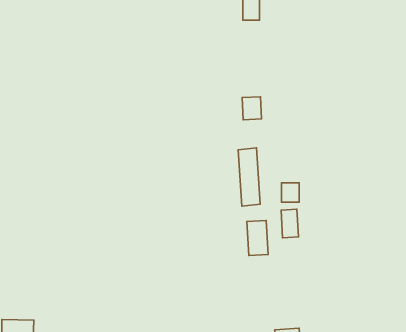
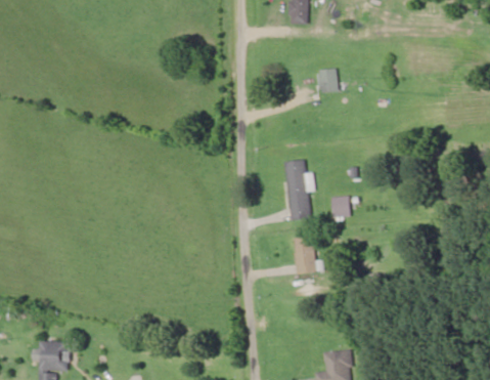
building: [242,97,261,120] -> [317,69,338,93]
building: [281,209,298,238] -> none

